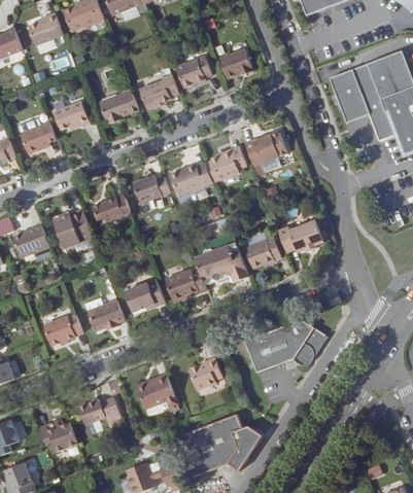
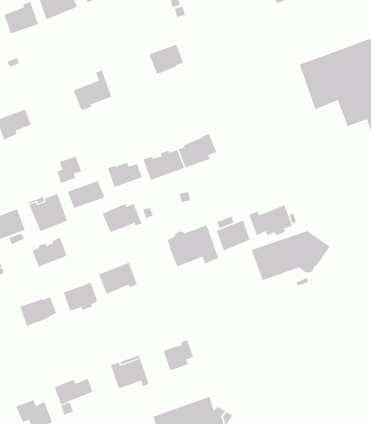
building: [219,49,253,79] -> none
building: [140,75,179,110] -> none
building: [54,102,89,130] -> none
building: [245,133,287,166] -> none
building: none -> [57,156,82,184]
building: none -> [32,237,67,268]
building: [166,269,207,298] -> [102,203,142,233]
building: [246,321,328,373] -> [251,231,331,281]

